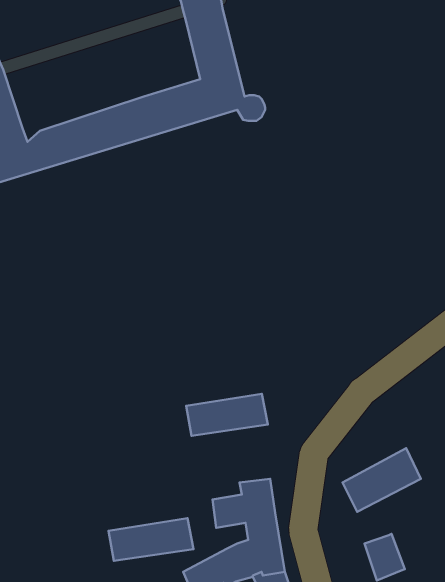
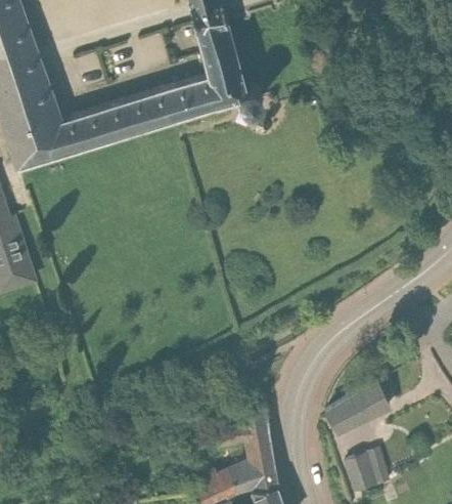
building: [186,394,268,436] -> none
building: [108,518,194,561] -> none

